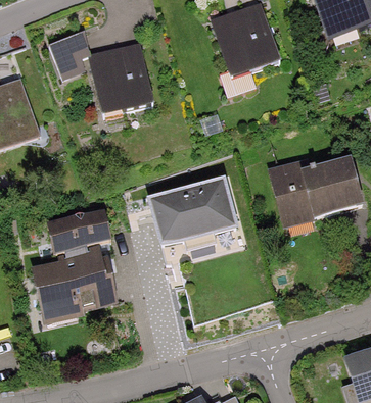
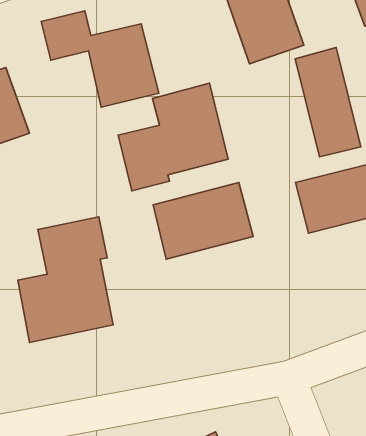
building: none -> [295,47,361,157]
building: none -> [118,83,228,191]

